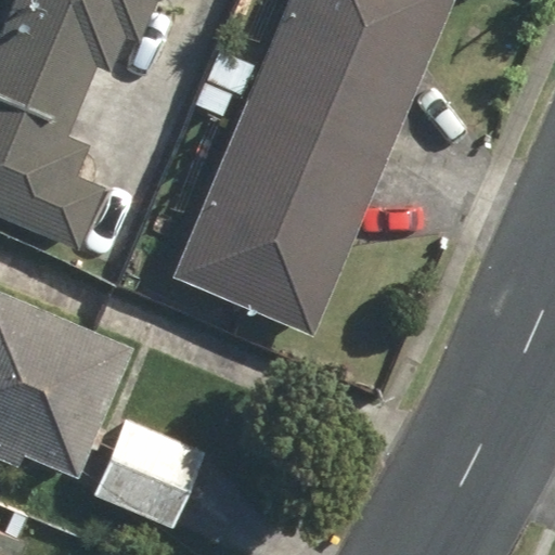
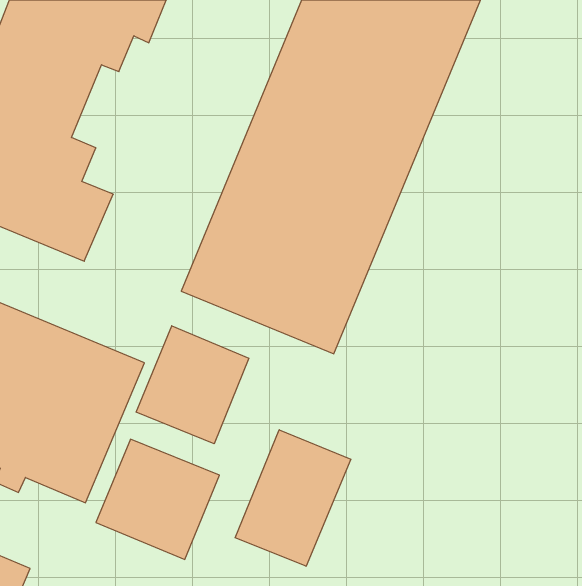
building: none -> [136,326,249,444]
building: none -> [235,430,351,566]

